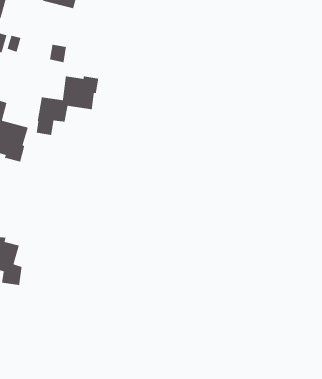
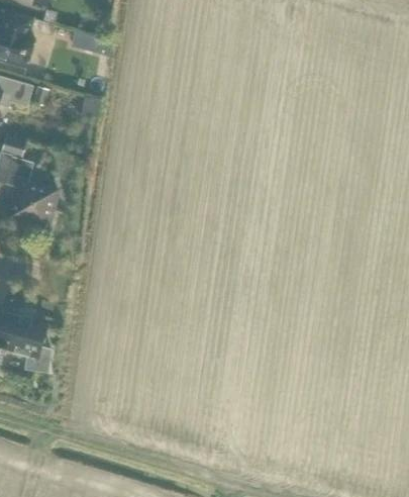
building: [36,76,99,136] -> none

